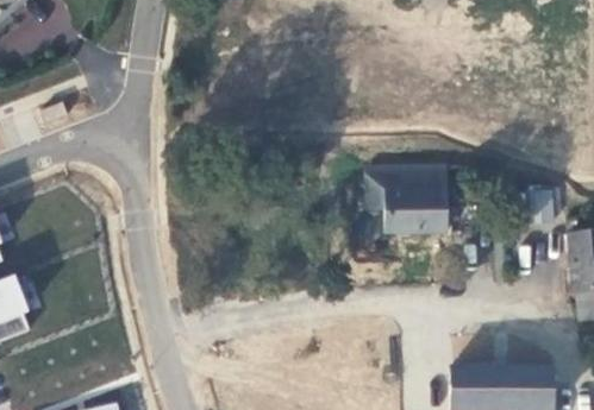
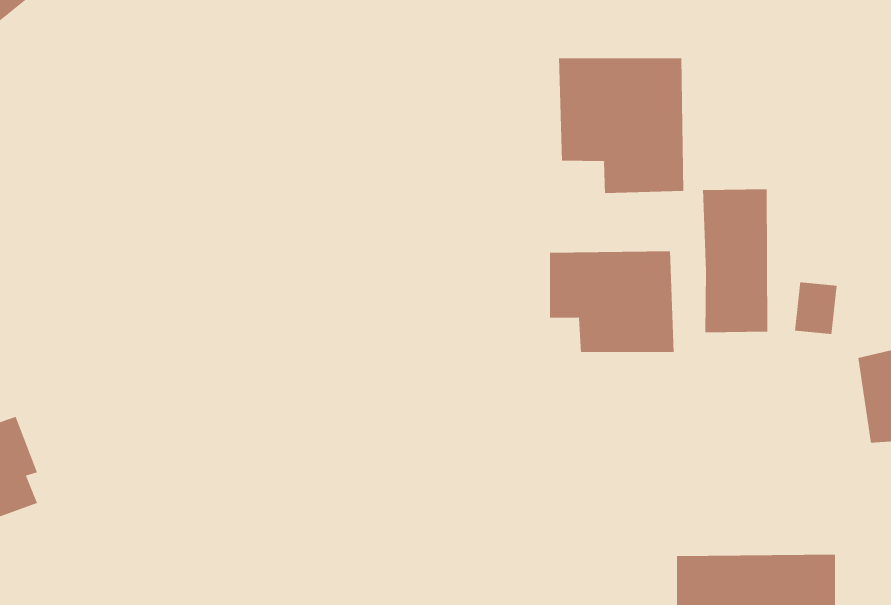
building: none -> [558,57,684,194]
building: none -> [703,189,768,333]

